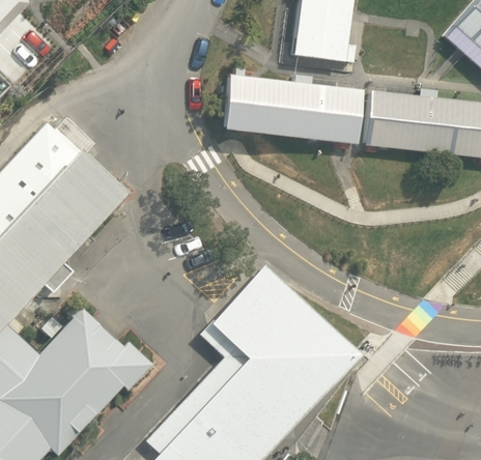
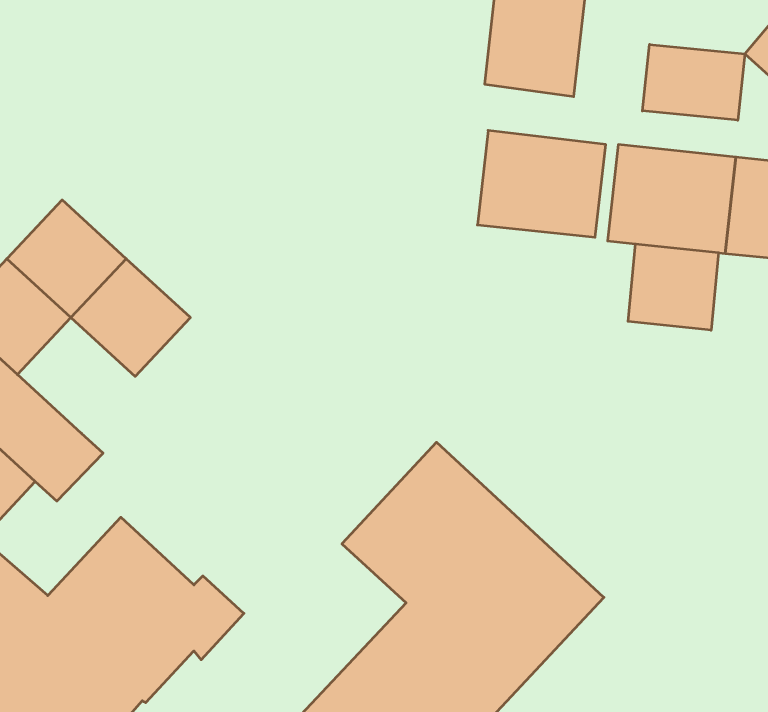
building: none -> [642,44,745,120]
building: [221,75,295,137] -> none
building: none -> [628,244,719,330]
building: [22,191,90,258] -> none

